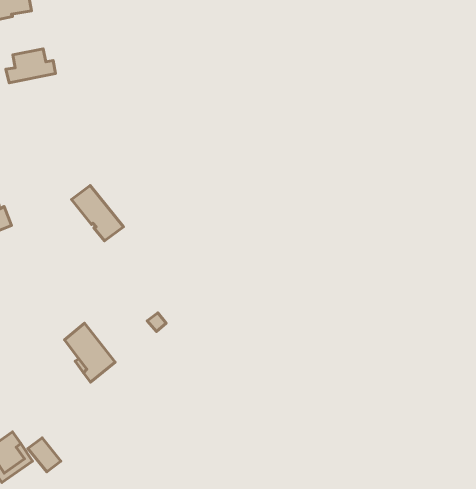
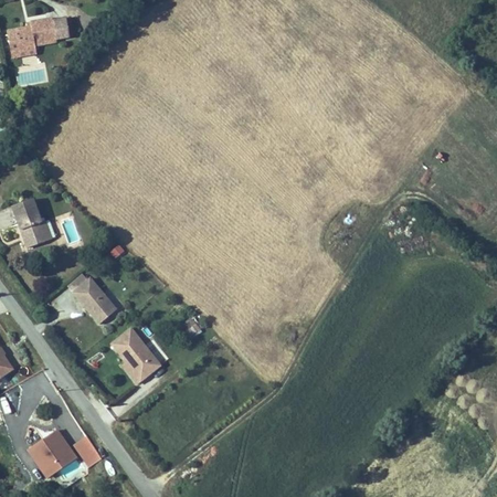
building: [6,49,56,83] -> none
building: [71,185,123,241] -> [65,272,114,324]

